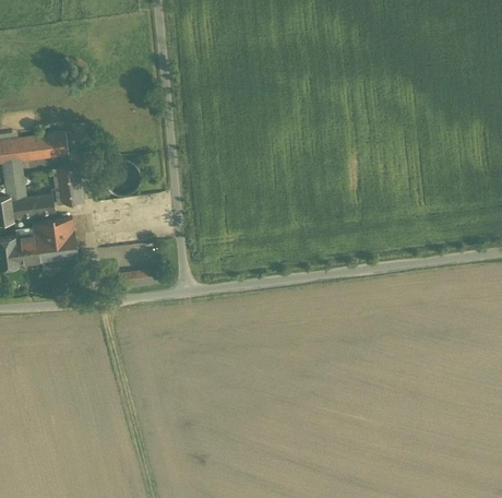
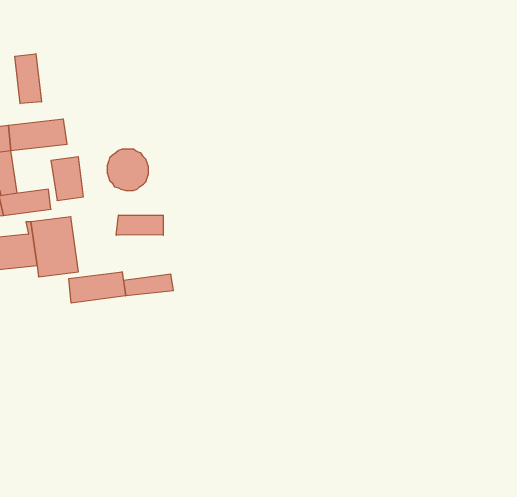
building: none -> [15,54,41,104]
building: none -> [116,215,163,235]
building: none -> [69,272,126,303]

